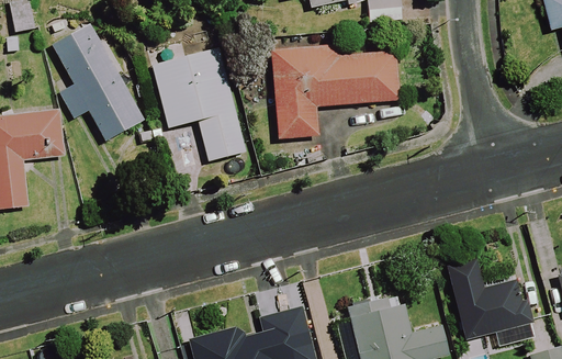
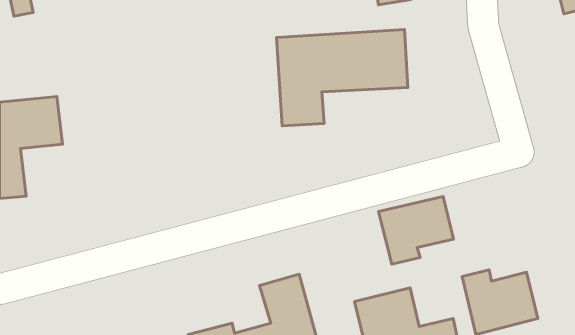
building: [53,23,145,142] -> none
building: [153,47,245,161] -> none
building: none -> [379,197,453,264]

